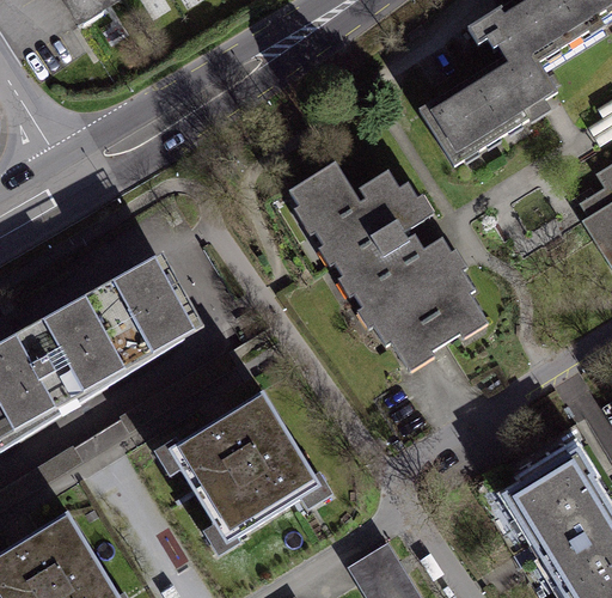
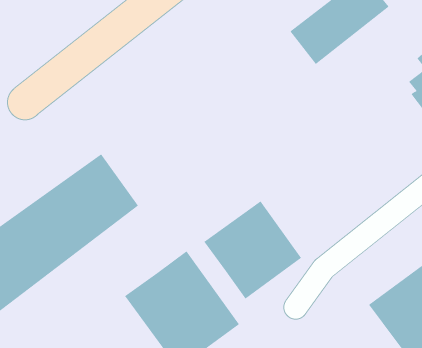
building: [287,160,490,372] -> none
building: none -> [203,201,302,300]

